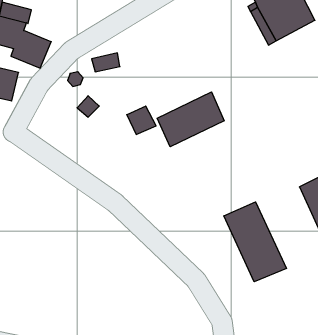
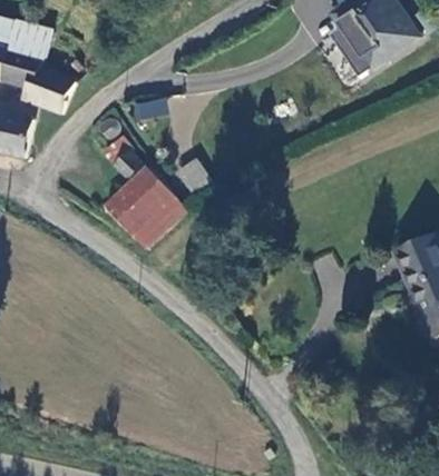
building: [157,92,224,147] -> none
building: none -> [107,167,183,242]
building: [224,202,287,282] -> none

